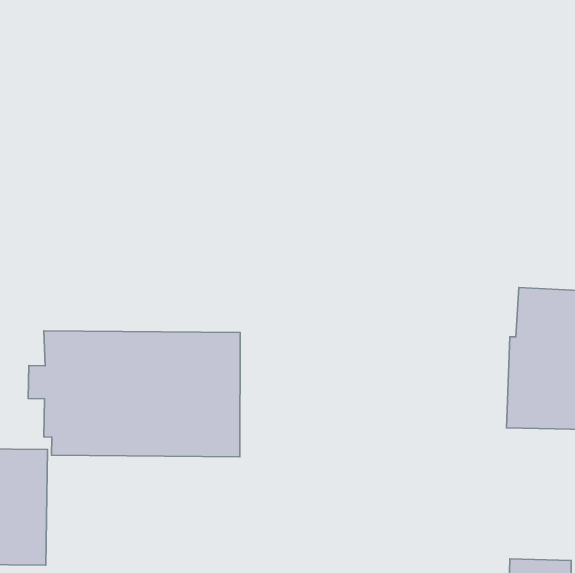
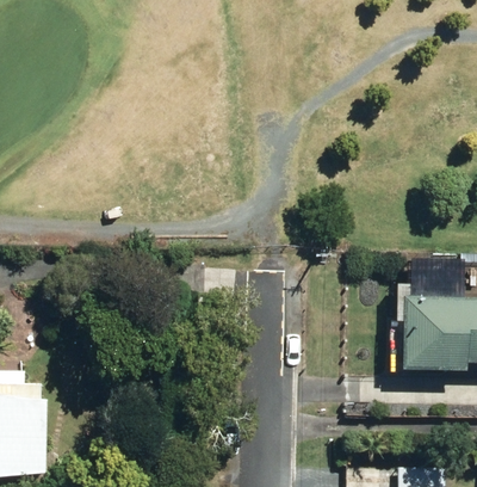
building: [28,331,240,457] -> none

